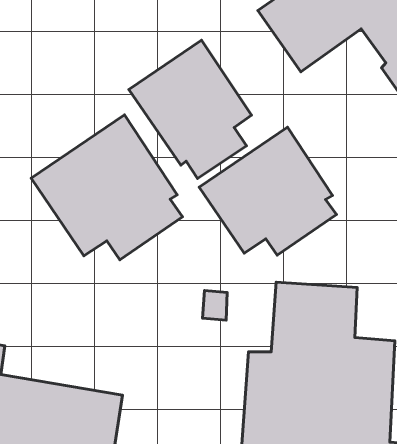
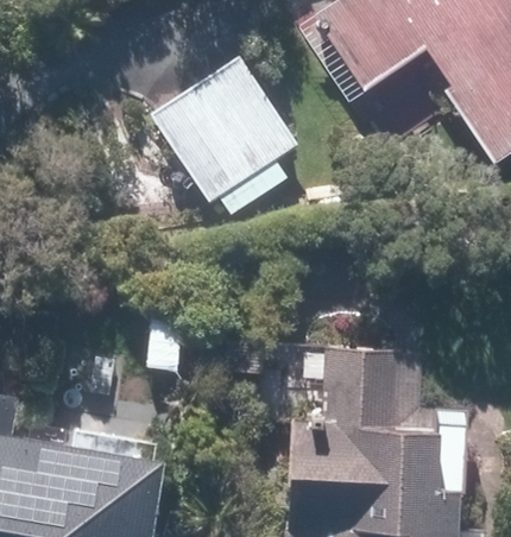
building: [31,115,183,260] -> none
building: [199,127,336,255] -> none

